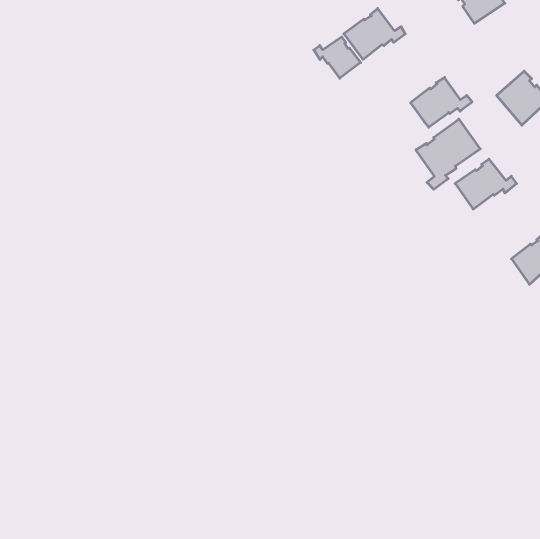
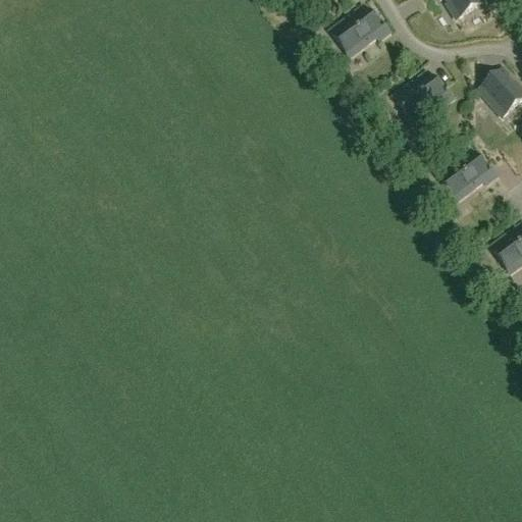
building: [314,37,361,78] -> none
building: [416,119,480,189] -> none

